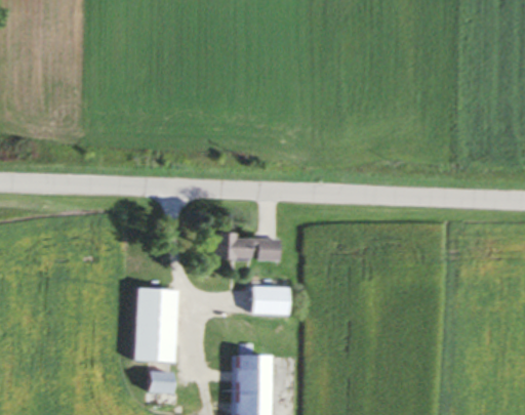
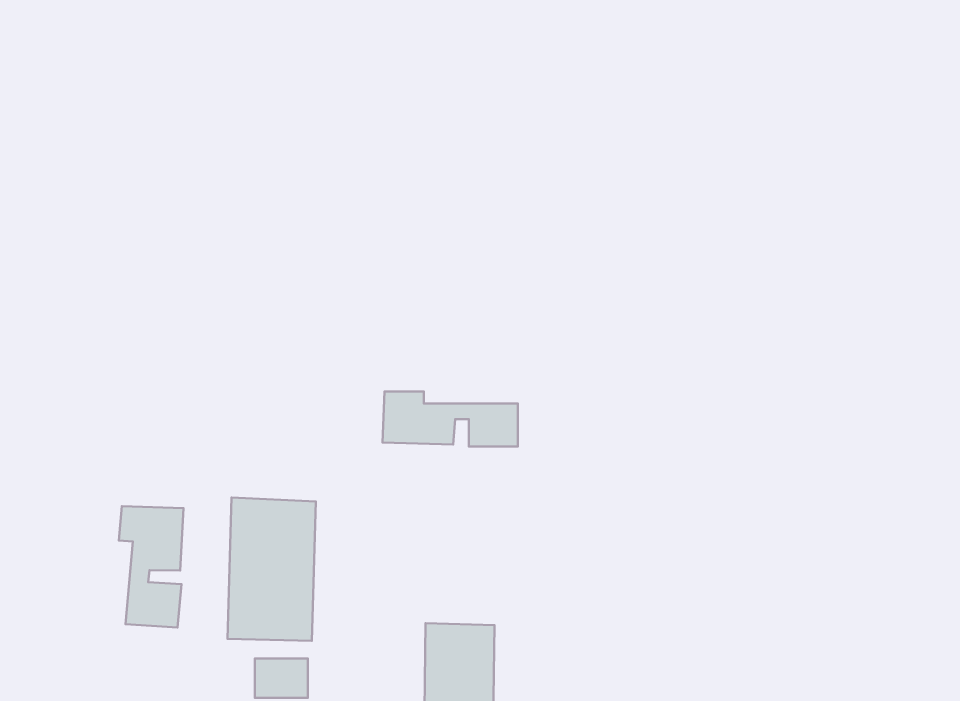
building: [251,286,286,315] -> none
building: none -> [119,506,183,627]

